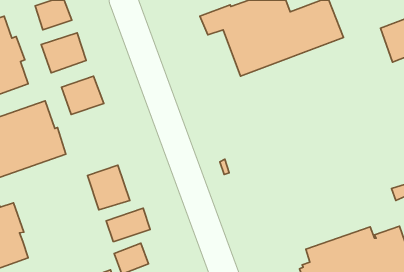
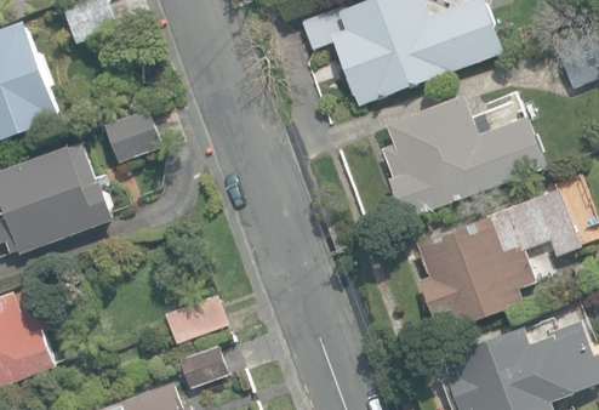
building: [41,33,86,73] -> none
building: none -> [382,96,547,218]
building: none -> [417,189,581,330]
building: [88,165,130,210] -> none

